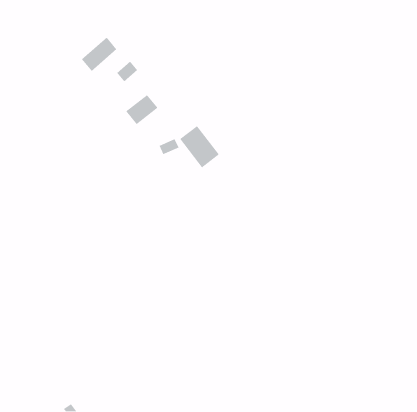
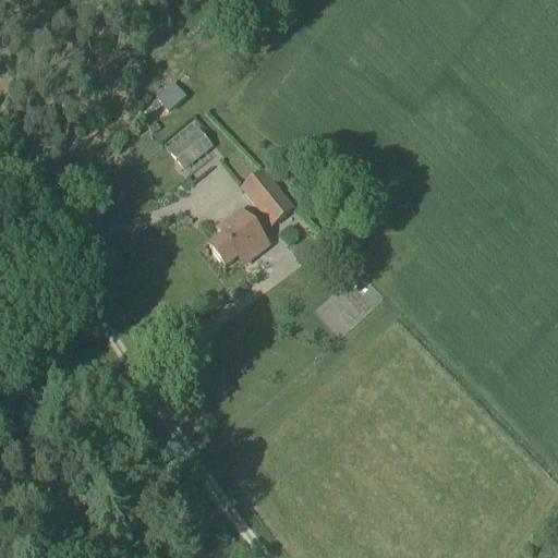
building: [81,36,117,72] -> none
building: none -> [209,205,269,263]

